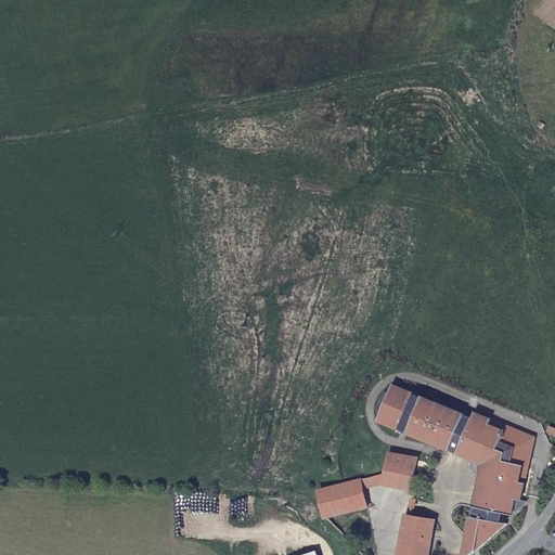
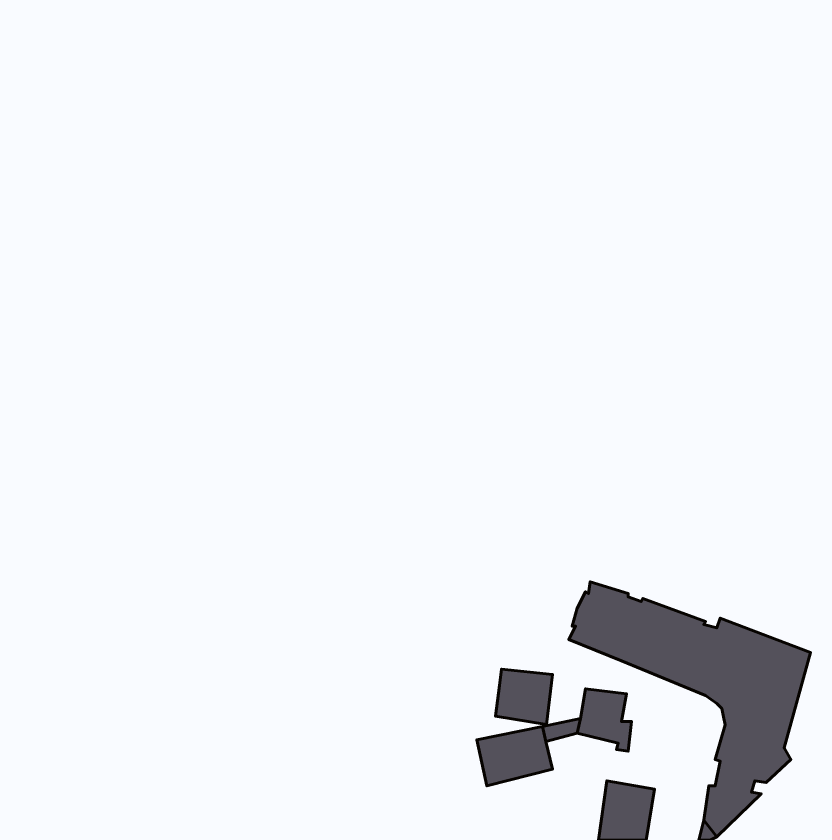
building: none -> [495,669,553,725]

